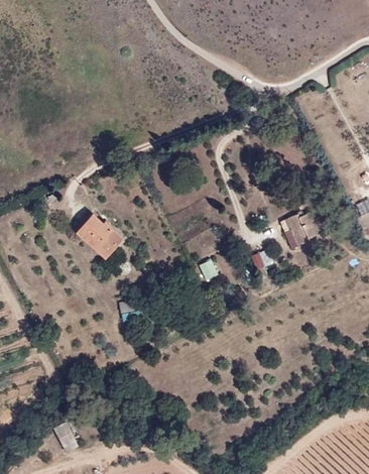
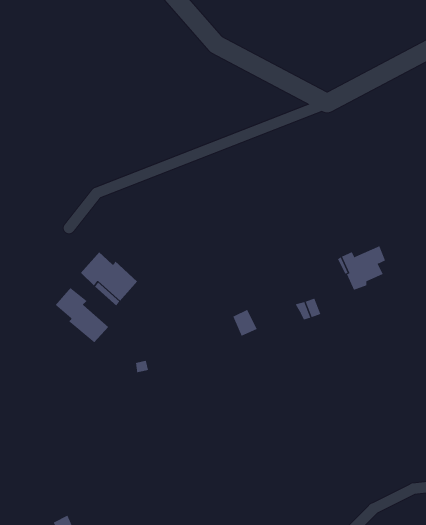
building: none -> [55,287,109,343]

